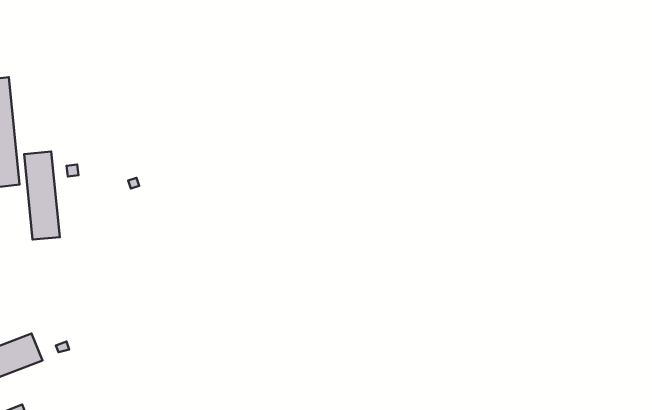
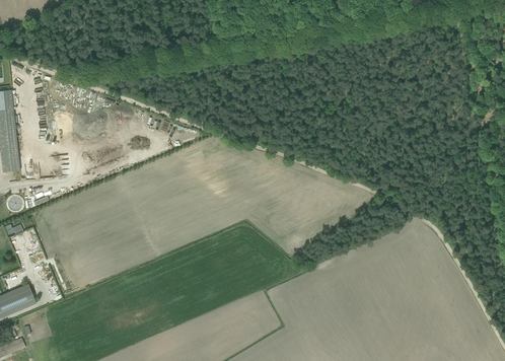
building: [24,152,60,239] -> none

